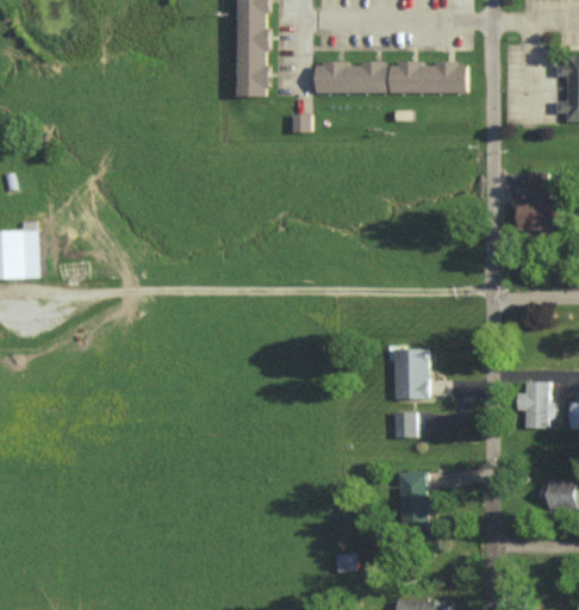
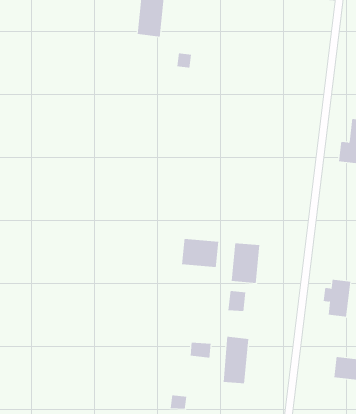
building: [316,63,466,93] -> none
building: none -> [182,238,219,268]
building: none -> [190,342,211,359]

